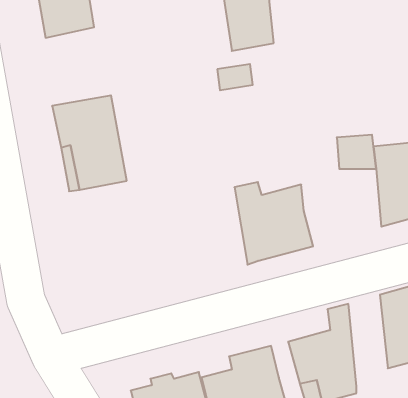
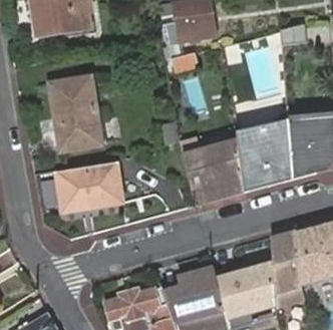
building: none -> [234,140,282,193]
building: none -> [57,161,122,213]
building: none -> [271,230,301,300]

